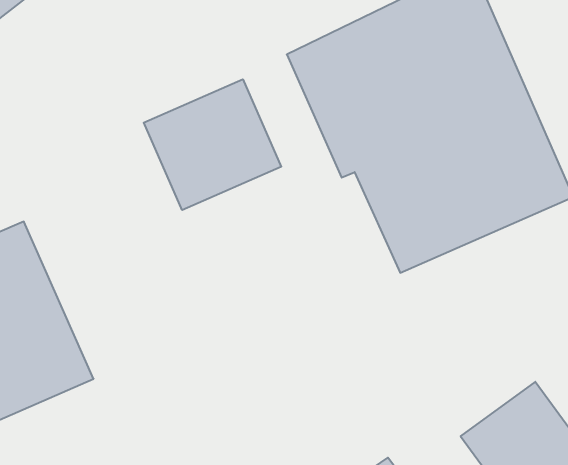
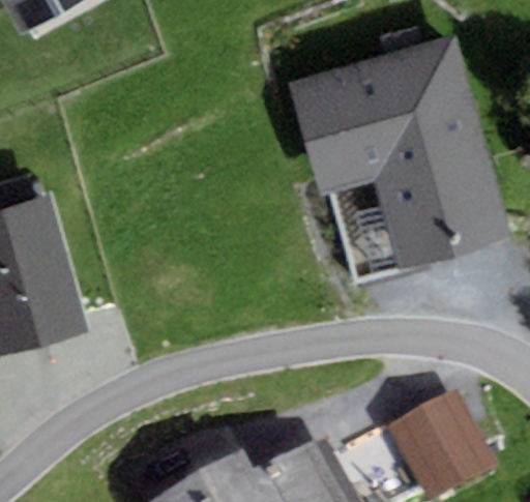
building: [144,79,281,210] -> none

